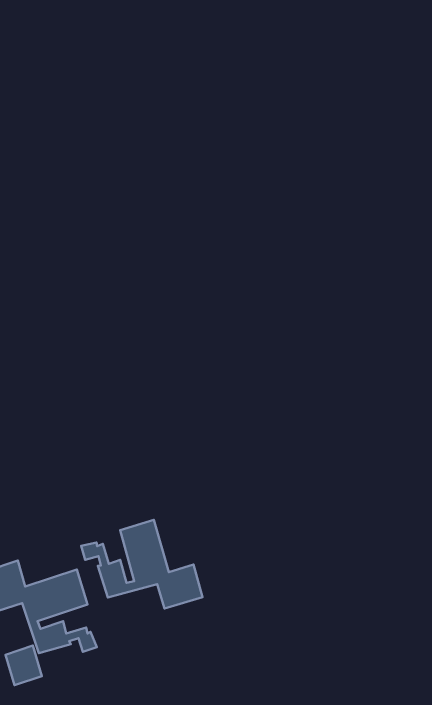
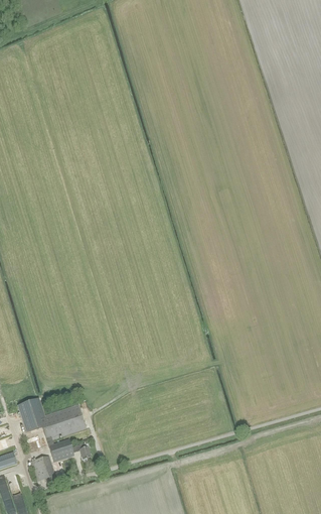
building: [81,520,202,609] -> none

